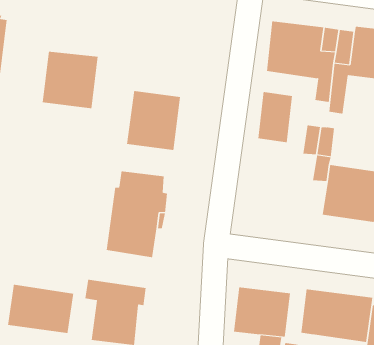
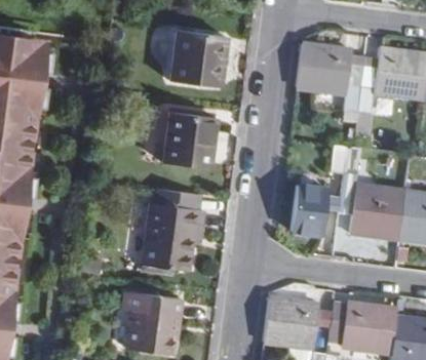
building: [42,51,99,109] -> [169,32,224,87]
building: [258,91,293,143] -> [295,185,328,234]
building: [8,284,74,334] -> none

